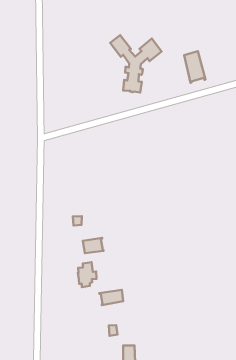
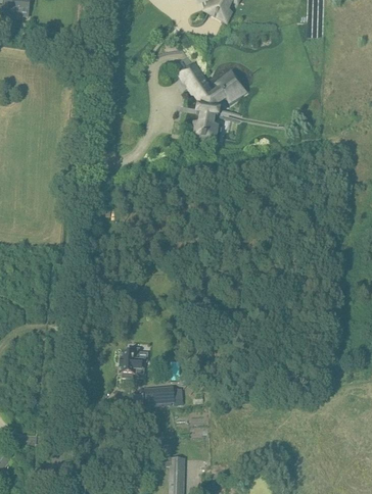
building: [184,51,205,83] -> none
building: [83,238,104,253] -> none

